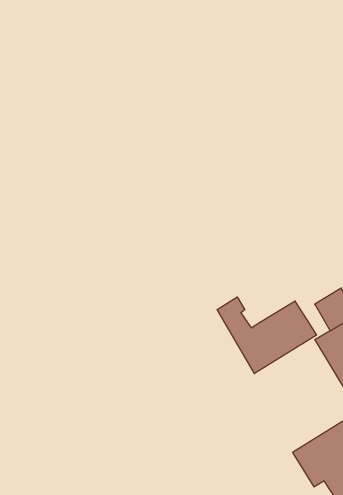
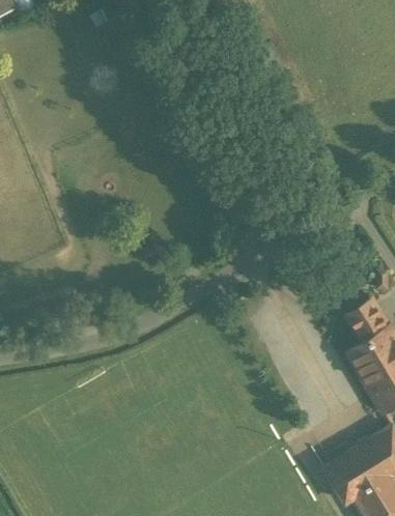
building: [217,297,316,374] -> none

